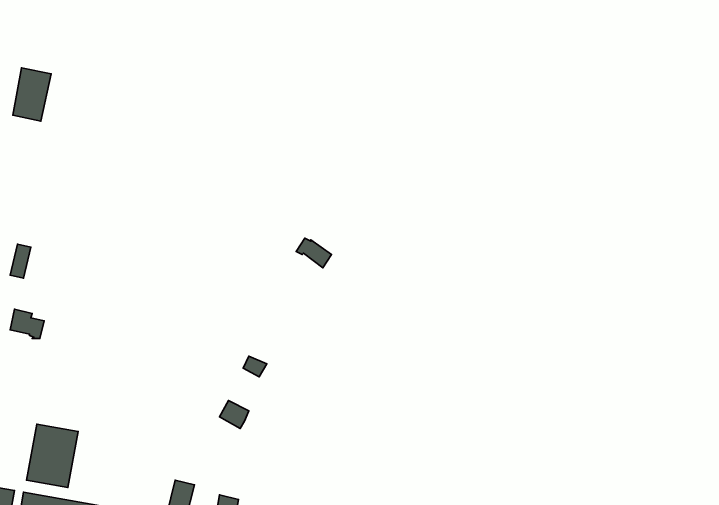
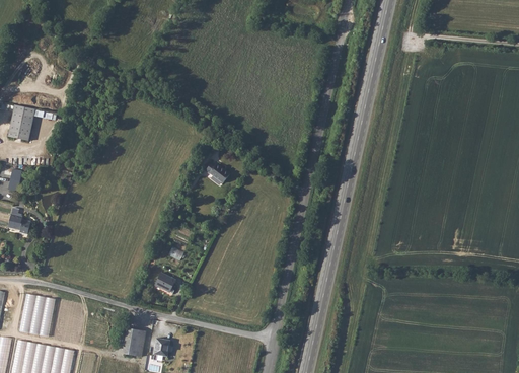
building: [13,68,51,121] -> [9,103,35,140]

